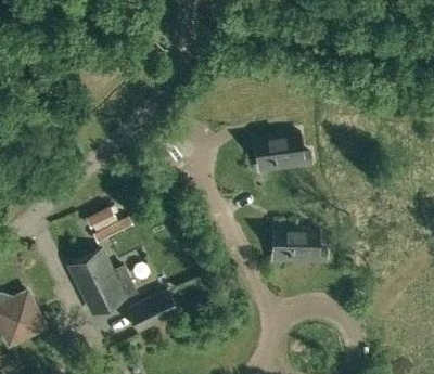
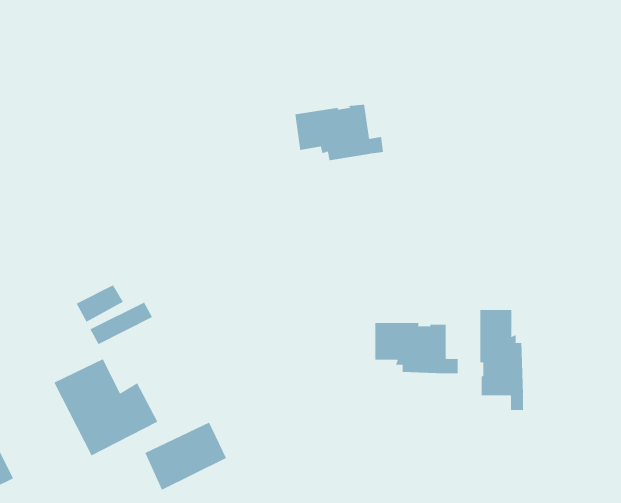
building: [254,133,310,169] -> [294,104,384,161]
building: none -> [480,309,523,411]

